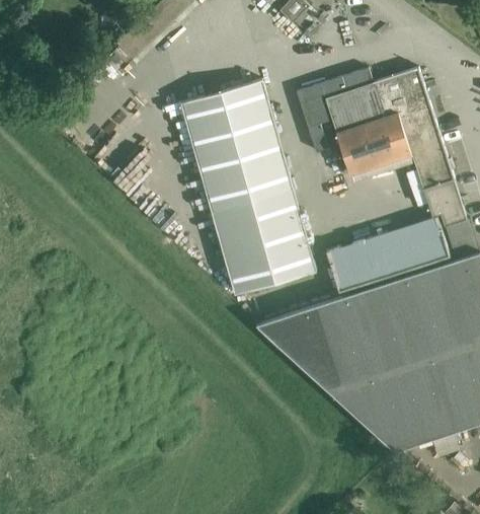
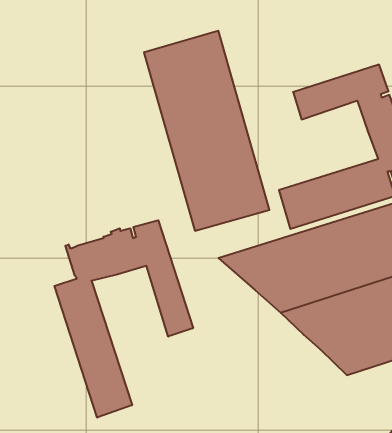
building: [296,69,432,154] -> none
building: none -> [54,220,193,418]

